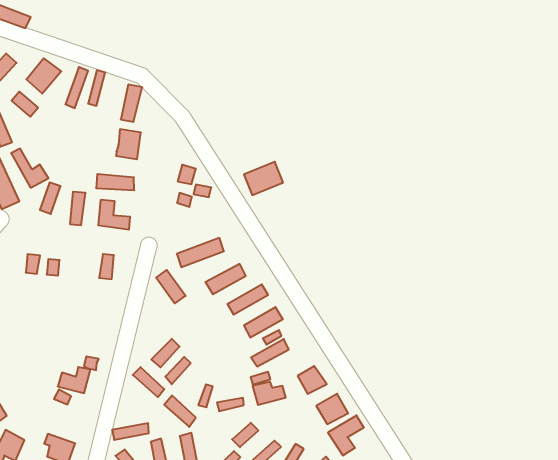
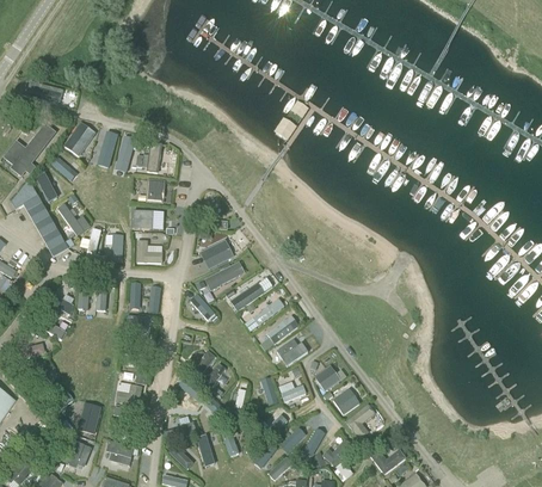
building: [244,162,283,195] -> [201,239,234,269]
building: none -> [78,400,101,431]

